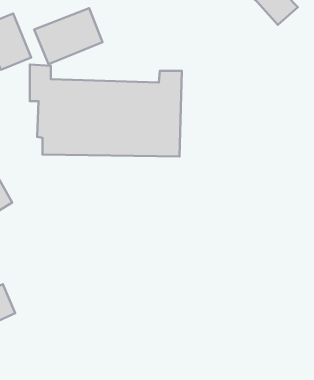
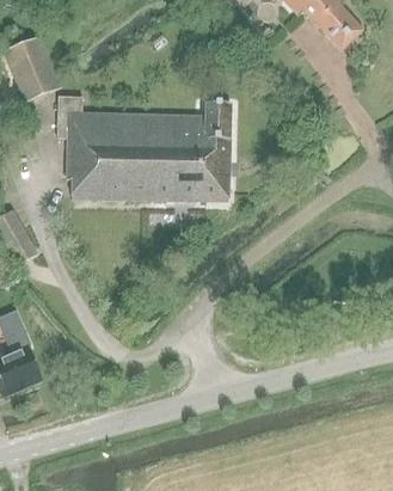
building: [34,8,103,64] -> none

